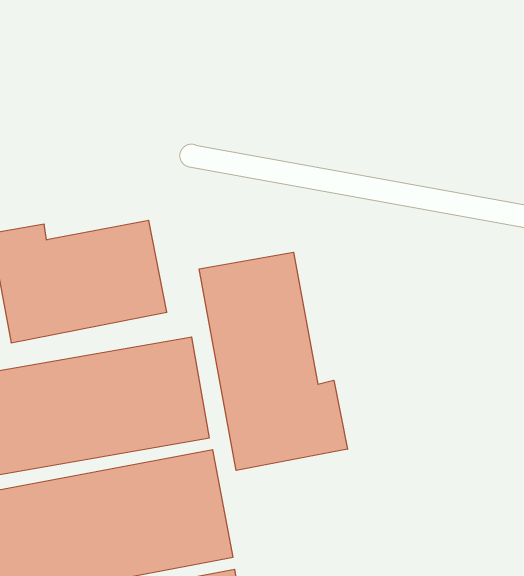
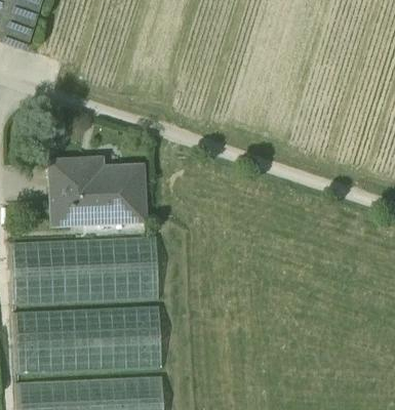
building: [199,252,348,470] -> none

